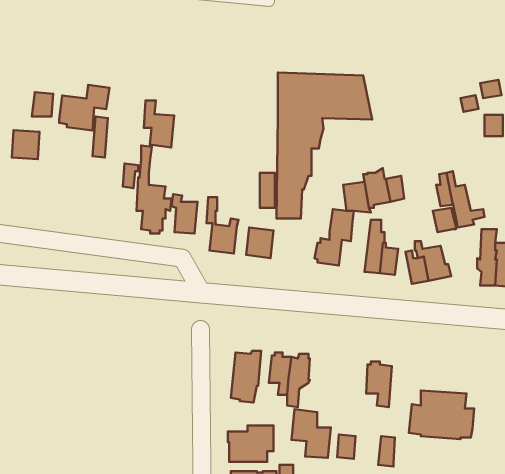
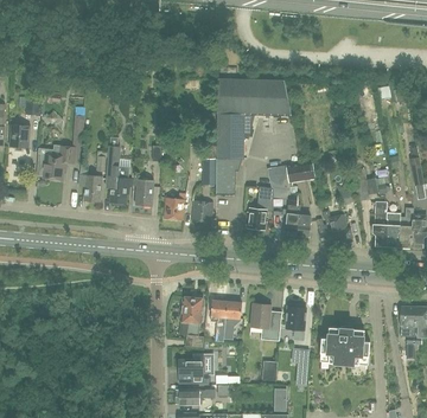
building: [59,85,109,130] -> [37,144,76,180]
building: [144,100,174,148] -> [79,165,103,201]
building: [291,409,331,458] -> [250,302,281,340]

